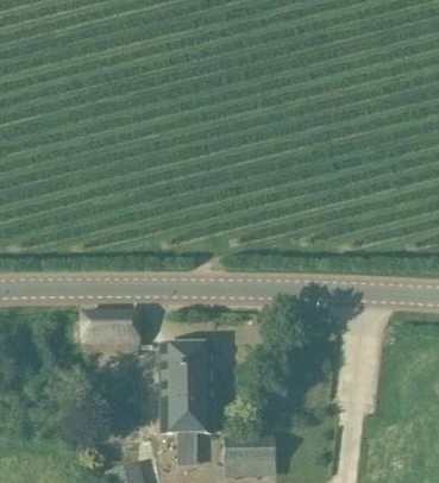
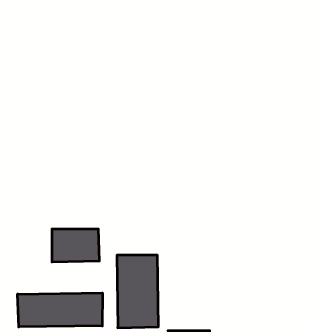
building: none -> [18,293,102,327]

